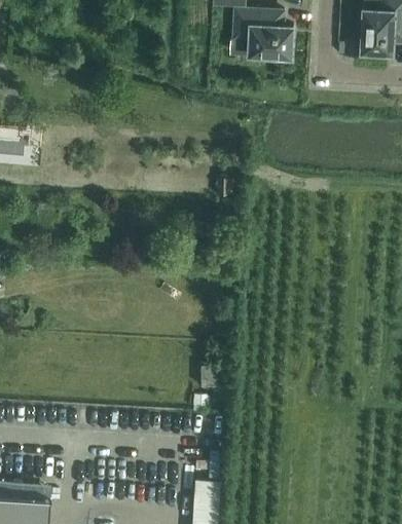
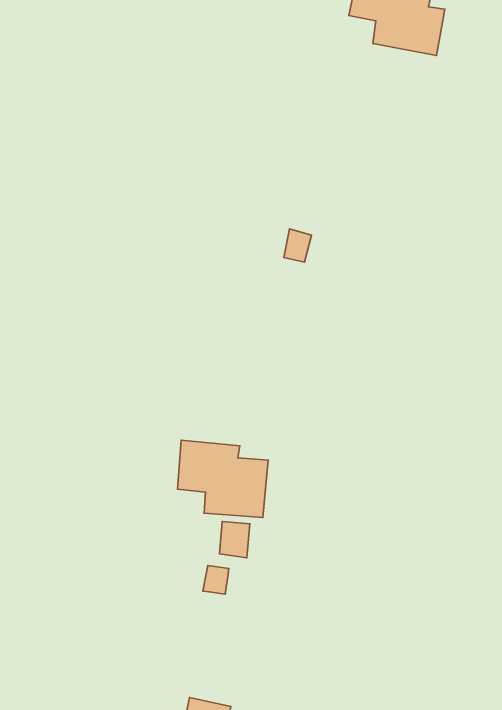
building: none -> [177,440,268,518]

